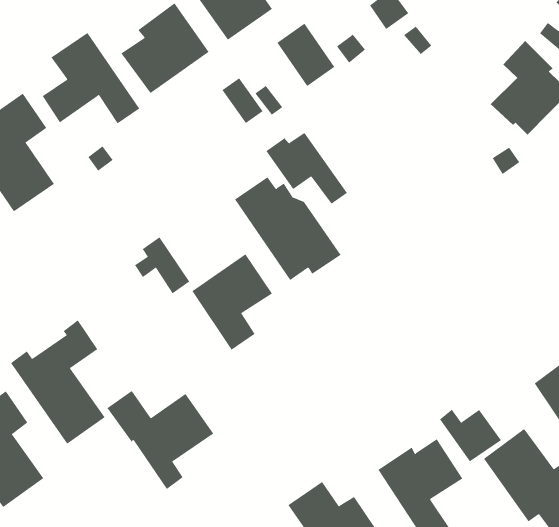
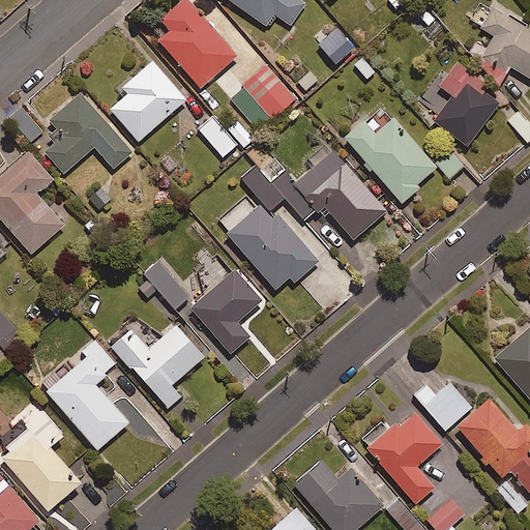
building: none -> [345,105,436,202]
building: none -> [295,149,386,239]
building: [106,390,214,490] -> [109,325,204,410]

